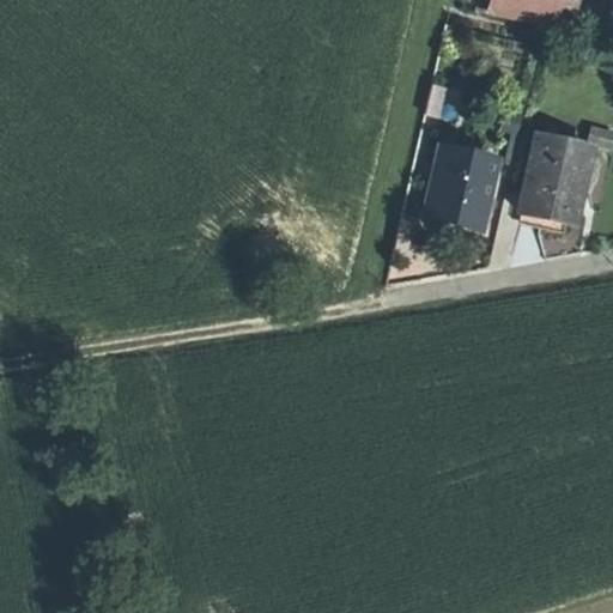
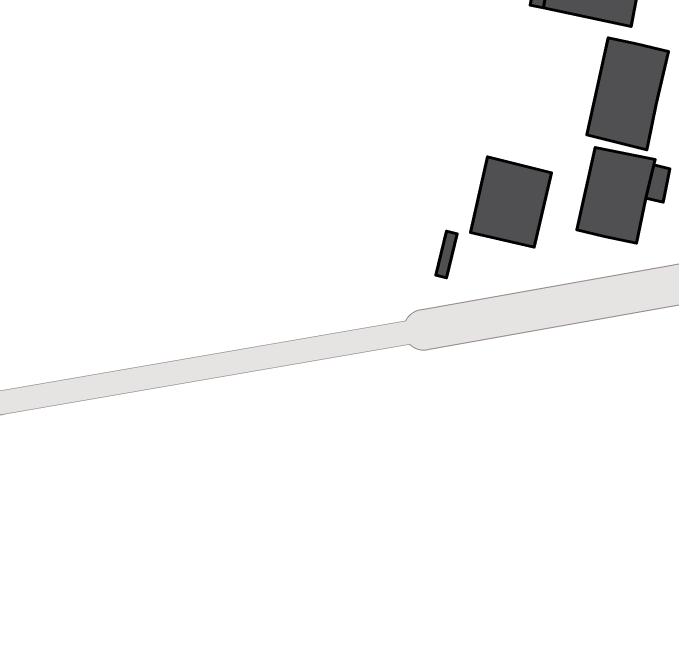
building: none -> [587,38,669,150]

